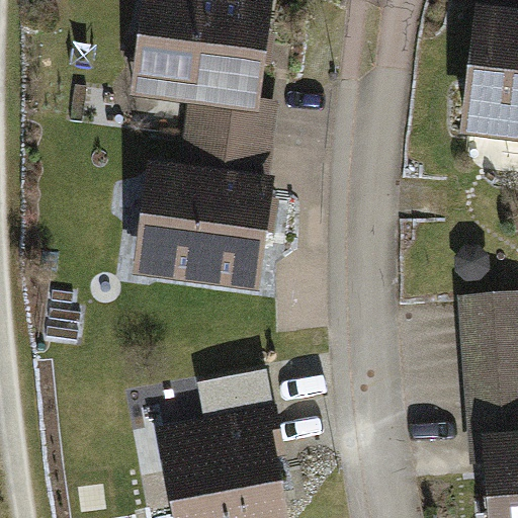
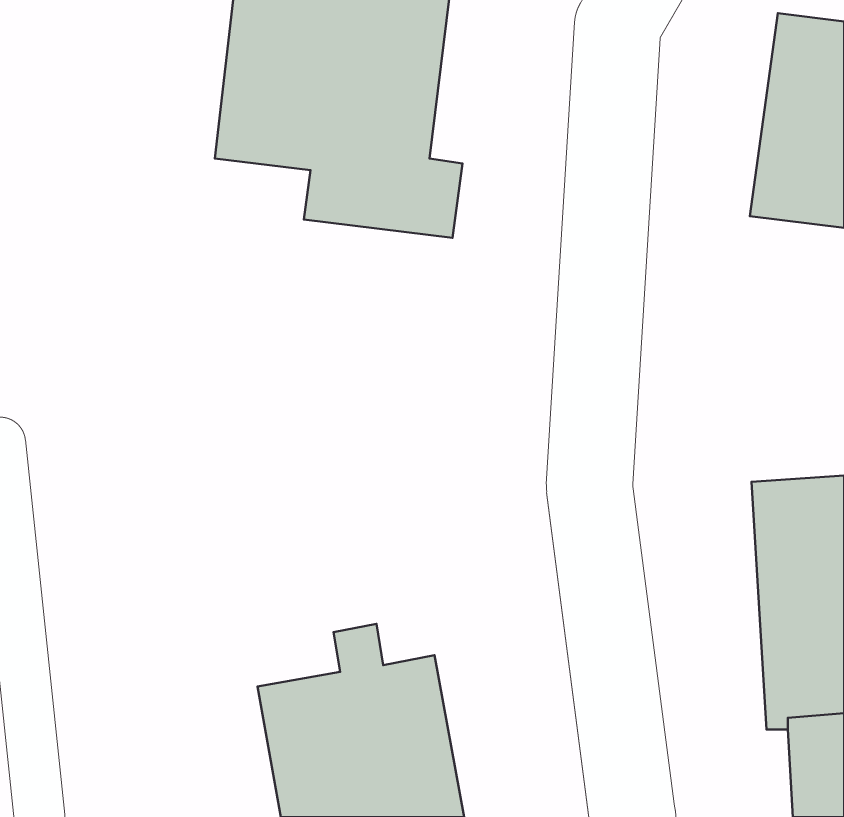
building: [138,135,278,292] -> none

